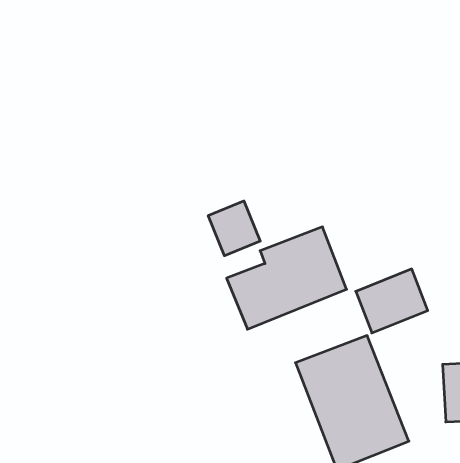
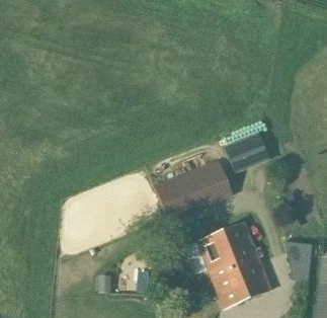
building: [208,201,260,256] -> none
building: [356,269,428,333] -> [226,132,271,172]

